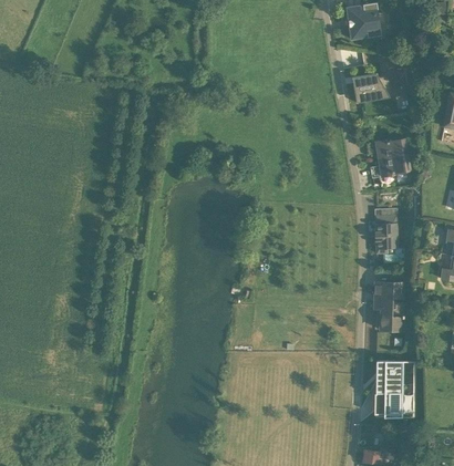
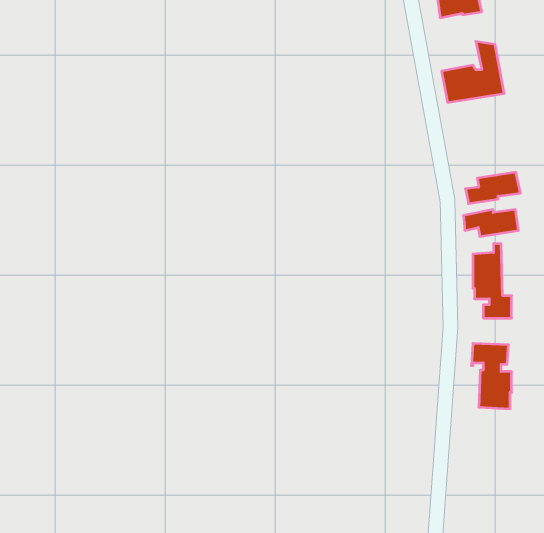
building: [365,139,406,159] -> [463,210,518,236]
building: [374,361,414,418] -> none

